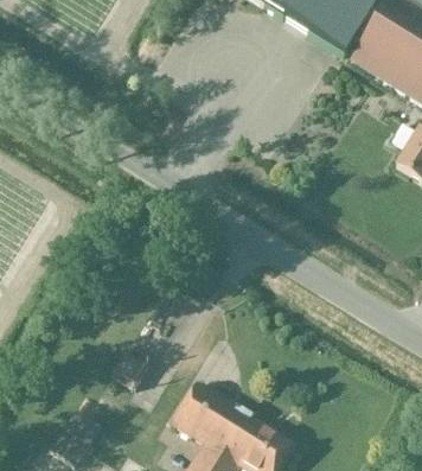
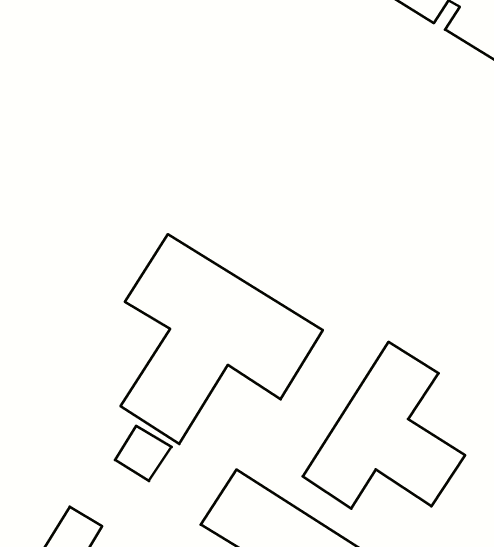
building: none -> [121,234,323,444]
building: none -> [303,342,465,509]

